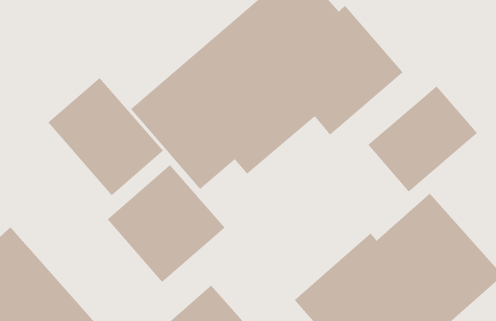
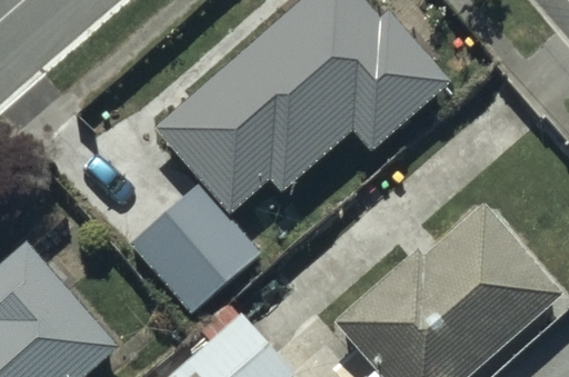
building: [48,77,164,196] -> none
building: [368,85,478,192] -> none

